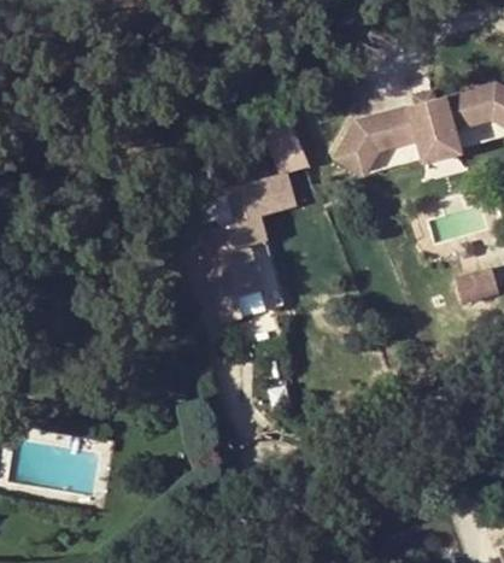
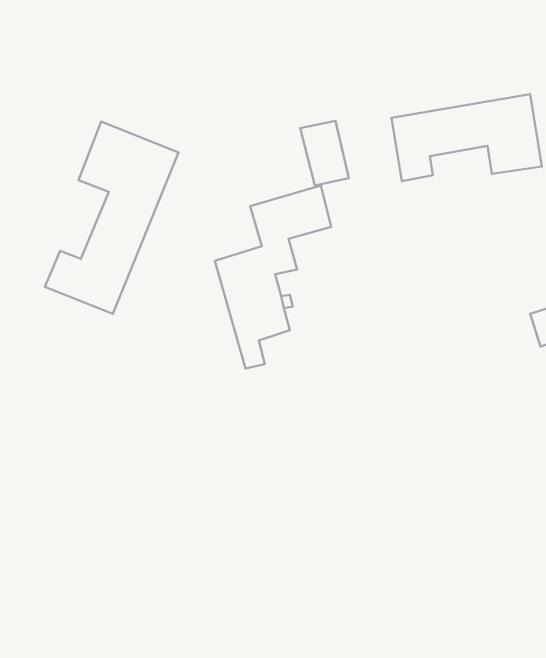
building: none -> [45,122,179,314]

